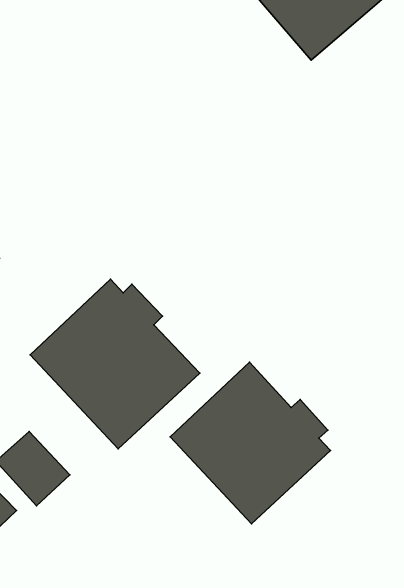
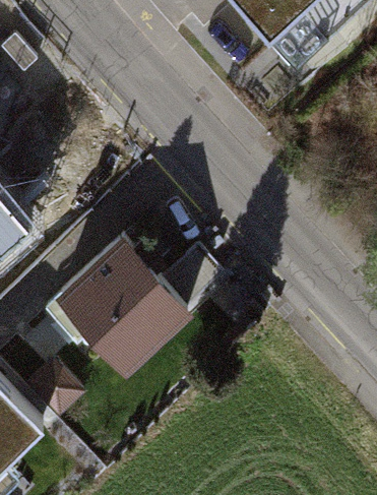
building: [170,362,331,524] -> none

